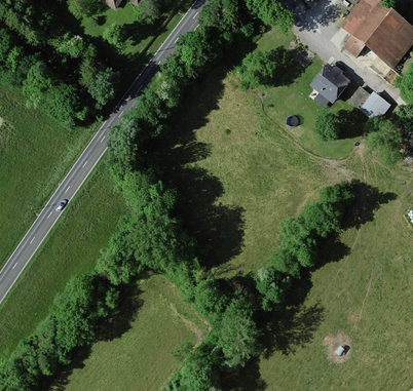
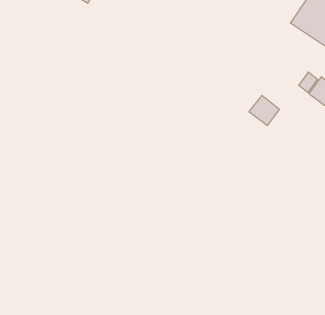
building: [312,67,346,100] -> [249,96,280,125]

